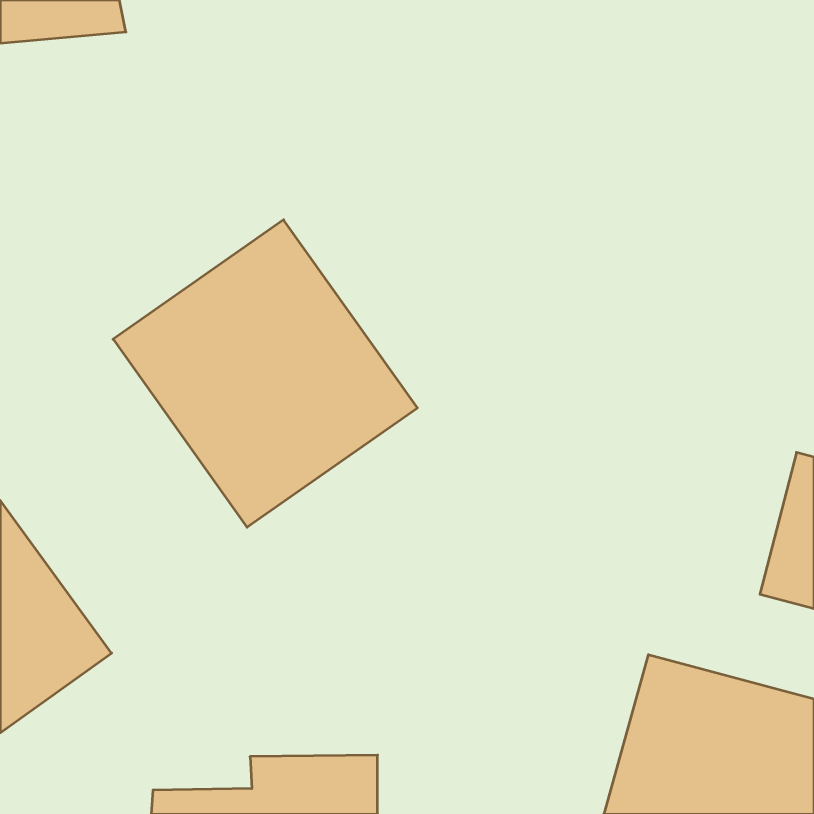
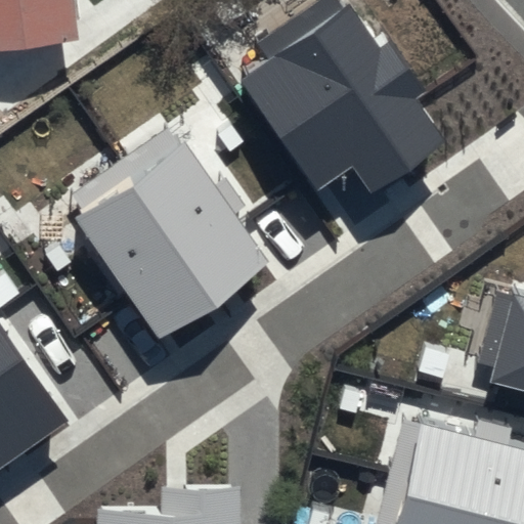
building: none -> [238,4,444,191]

